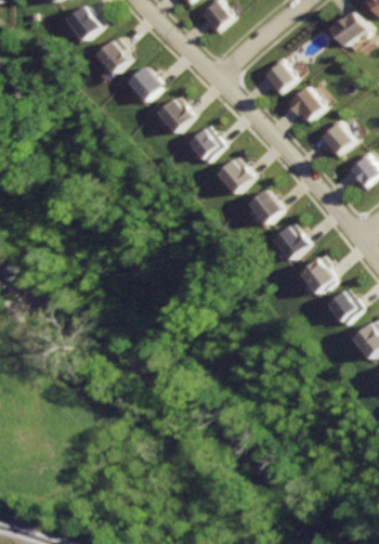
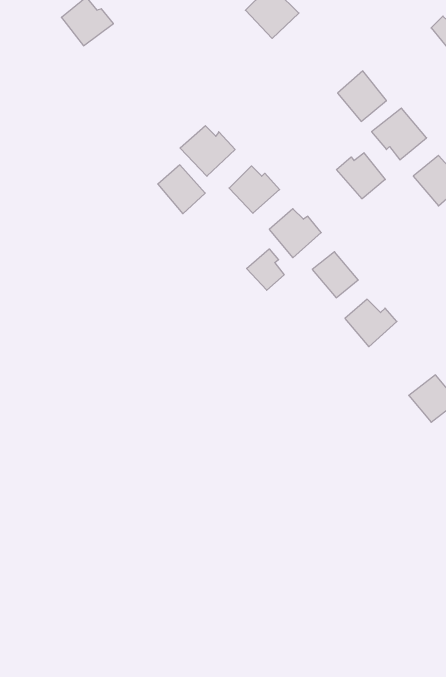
building: [93,37,128,74] -> none
building: [125,66,159,102] -> [158,165,205,214]
building: none -> [337,153,385,199]
building: none -> [247,249,284,290]
building: [292,251,327,286] -> none

